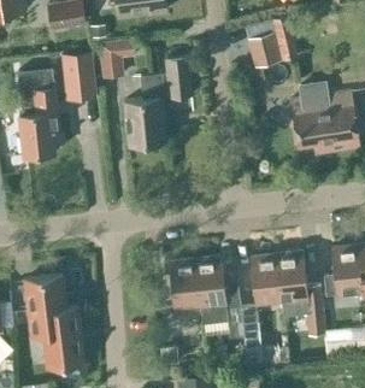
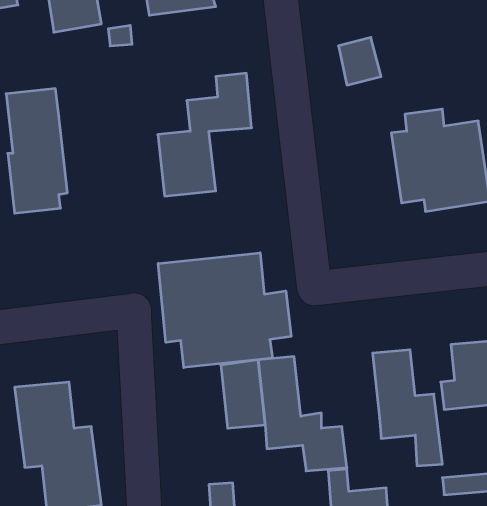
building: [98,39,134,75] -> none
building: [61,51,95,99] -> none
building: none -> [158,253,291,368]
building: [249,254,281,302] -> none

